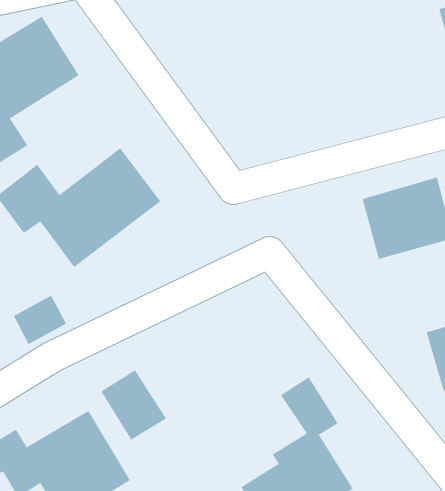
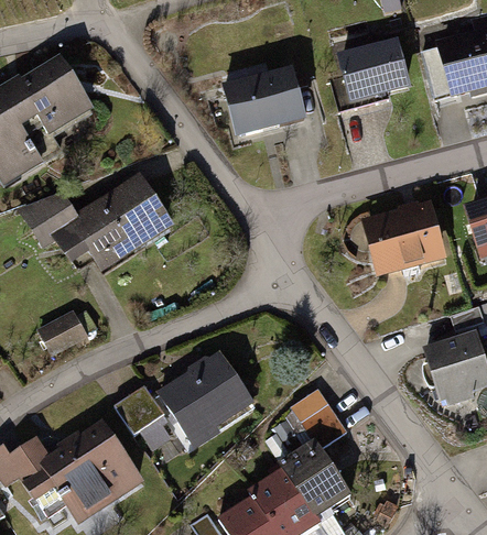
building: none -> [340,41,414,107]
building: none -> [223,66,311,141]
building: none -> [154,349,252,443]

